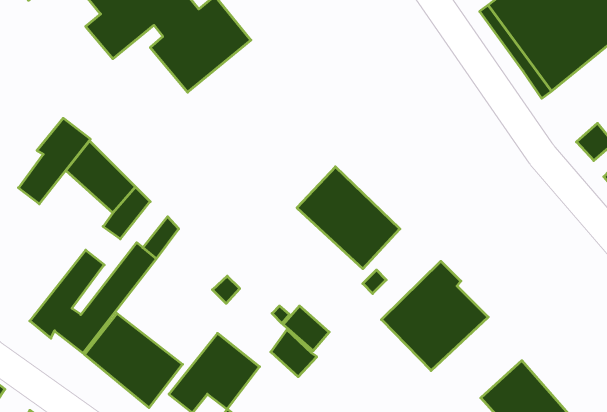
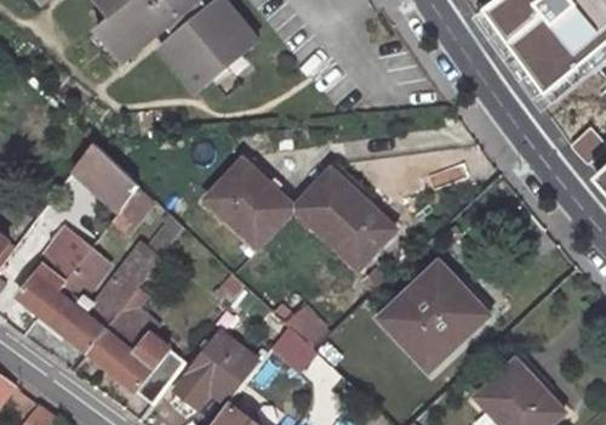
building: [18,118,90,204] -> [22,227,92,311]
building: none -> [212,158,298,245]

